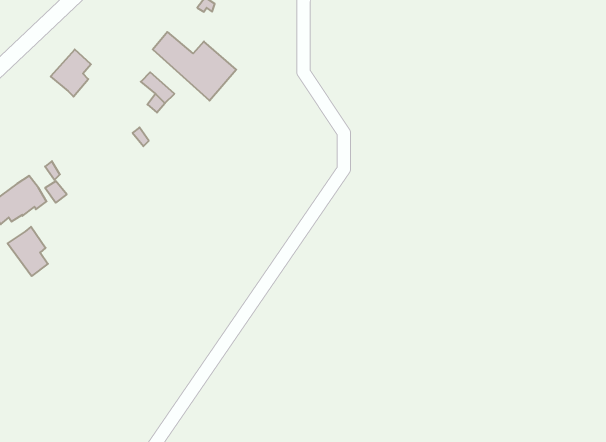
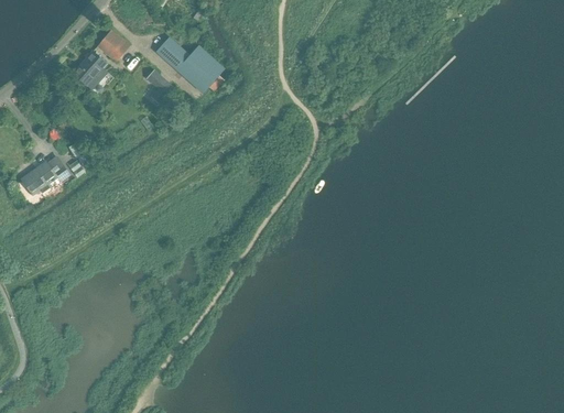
building: none -> [97,29,130,62]
building: [8,227,48,276] -> none

